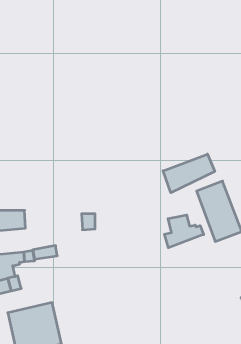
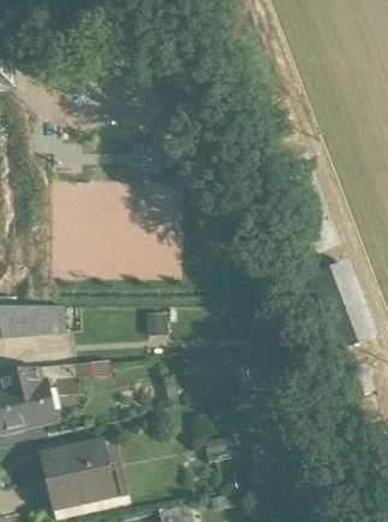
building: [163,154,215,193] -> none
building: [164,215,204,248] -> none

